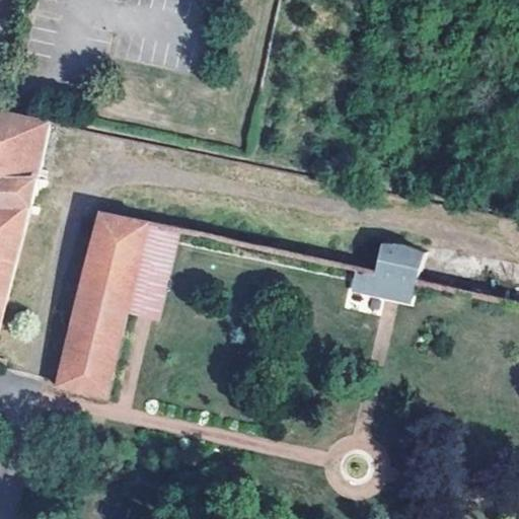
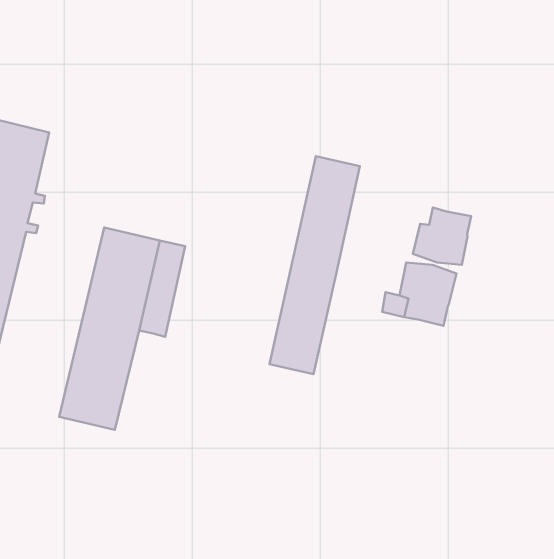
building: none -> [270,156,360,374]
building: none -> [413,208,471,265]

